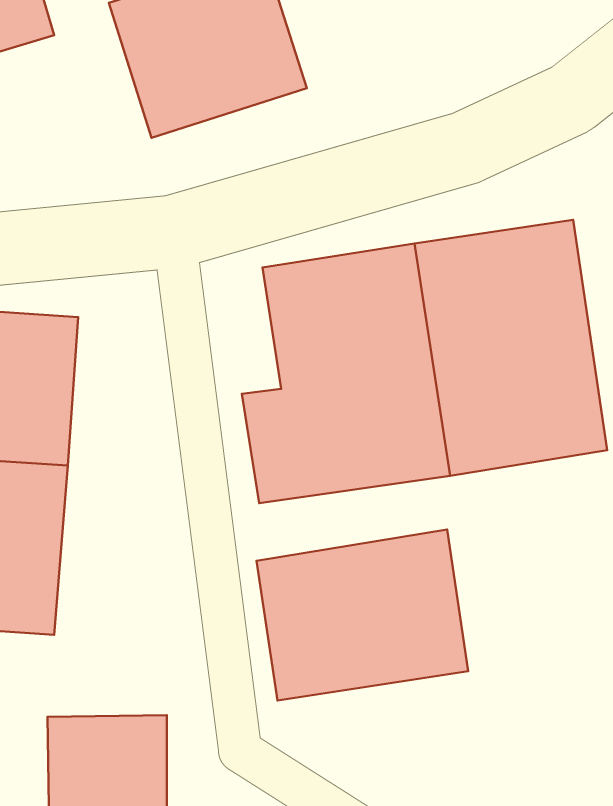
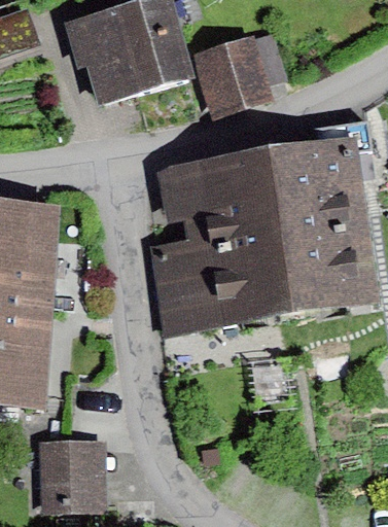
building: none -> [197,35,273,109]
building: [256,529,468,701] -> none

